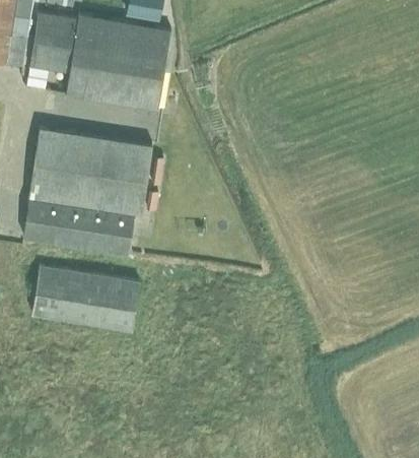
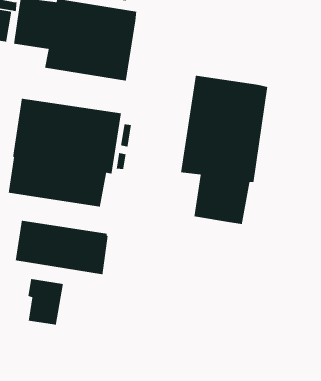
building: none -> [180,75,268,225]
building: none -> [28,278,64,326]

